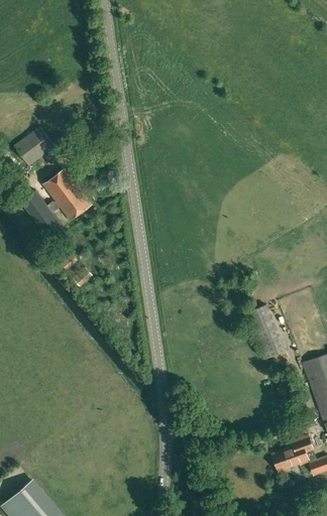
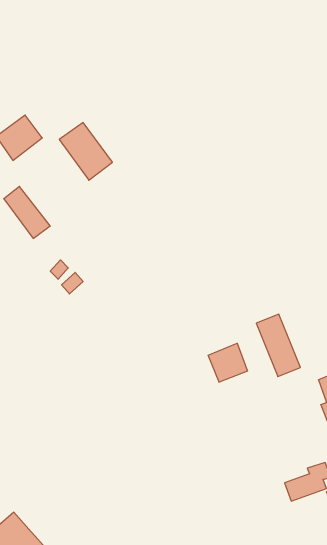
building: [44,169,92,221] -> [59,123,112,180]
building: none -> [208,343,247,382]

